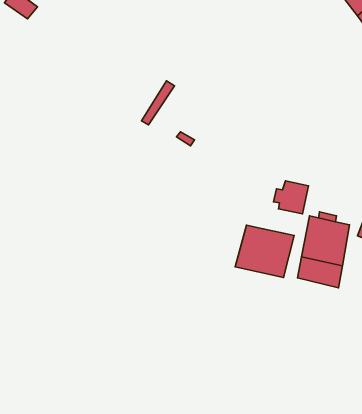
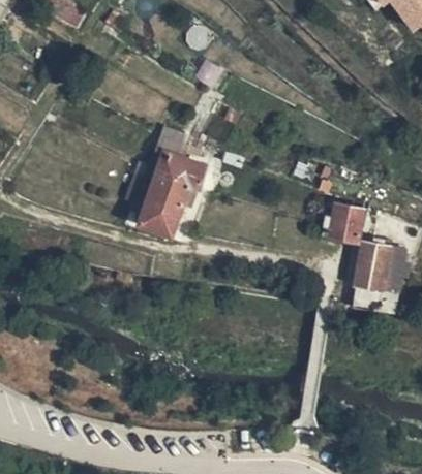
building: none -> [142,150,204,221]
building: [235,225,294,278] -> none

